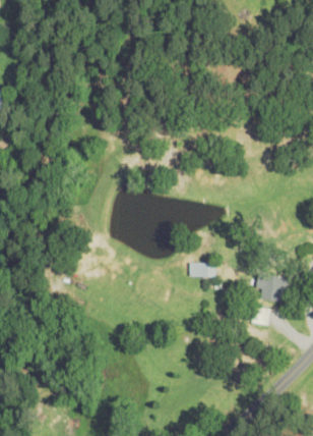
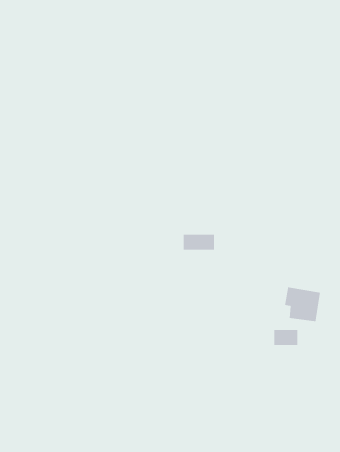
building: [190,263,217,277] -> [183,234,215,250]

